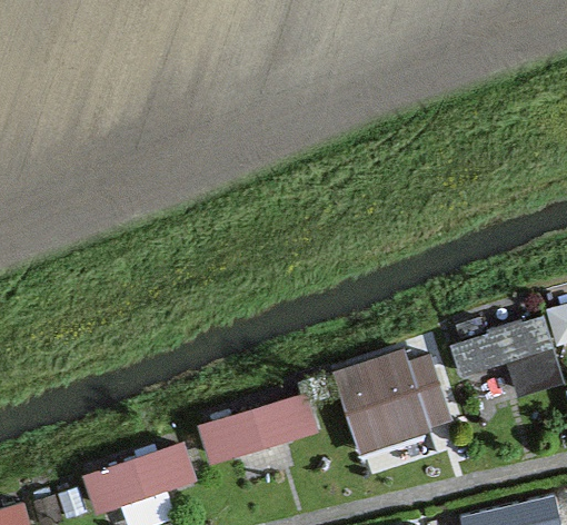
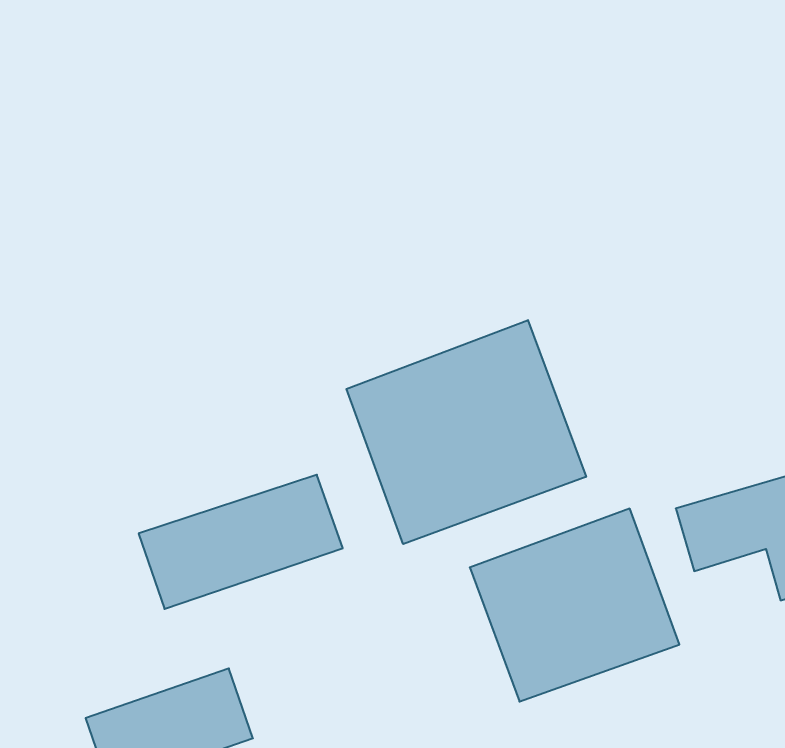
building: none -> [346,320,586,544]
building: [197,382,320,463] -> [139,475,343,609]

